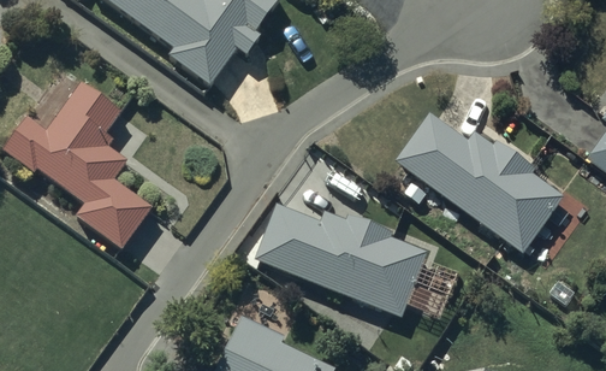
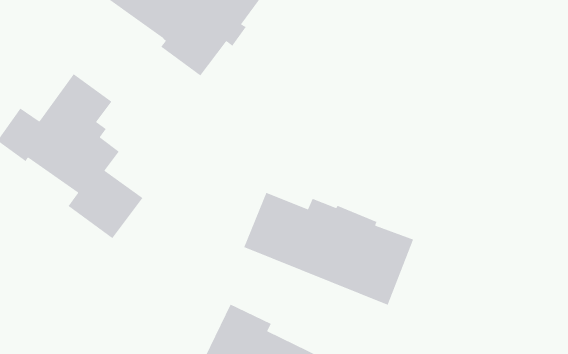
building: [394,112,563,251] -> none

